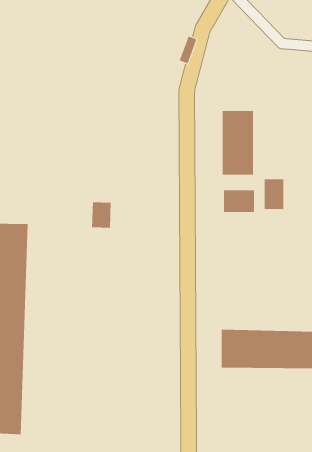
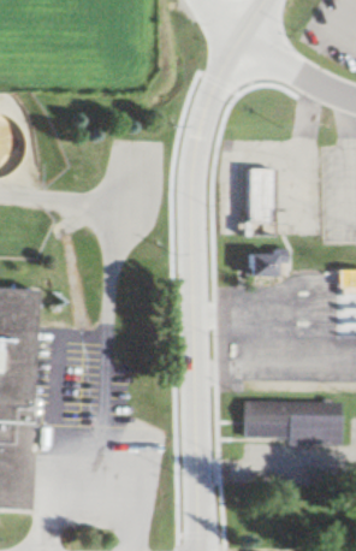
building: [264,179,284,210] -> none
building: [92,202,111,229] -> none

